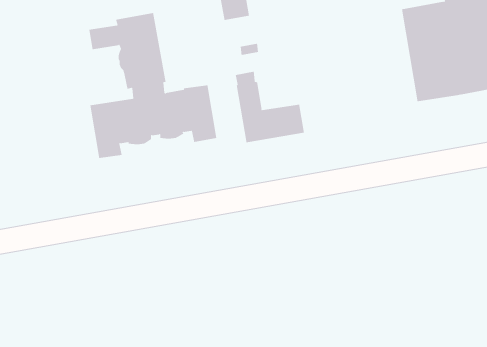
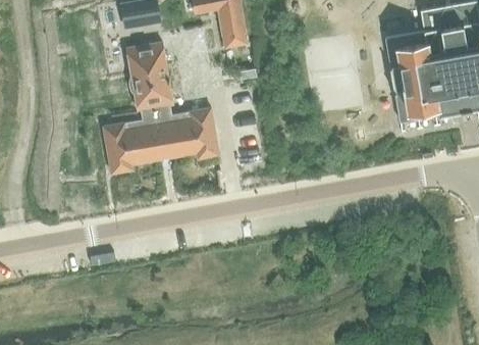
building: [235,71,304,143] -> none

